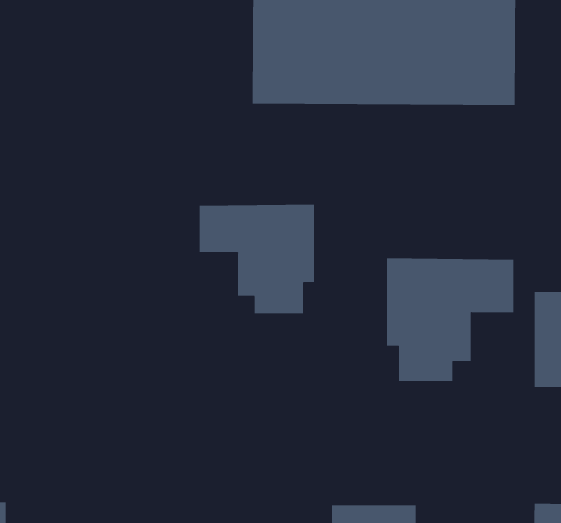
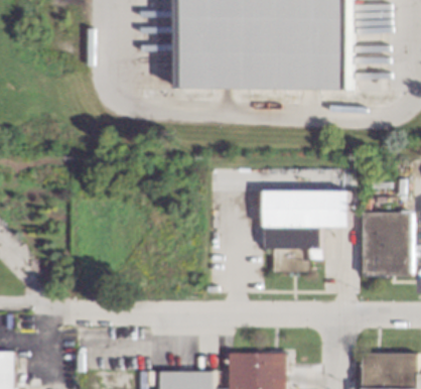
building: [199,204,315,314] -> none

